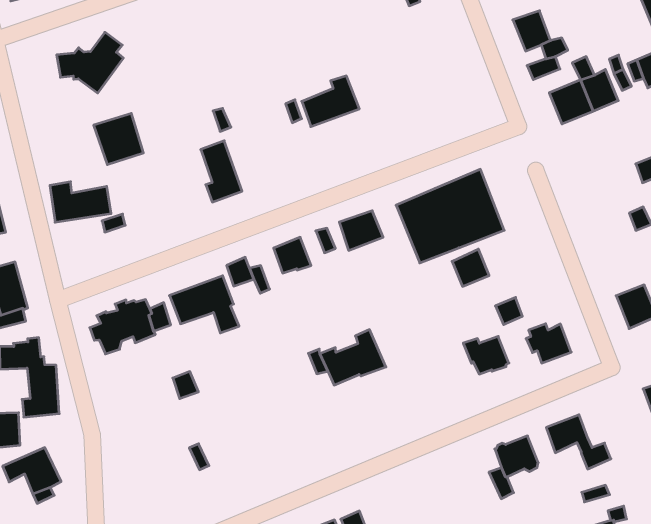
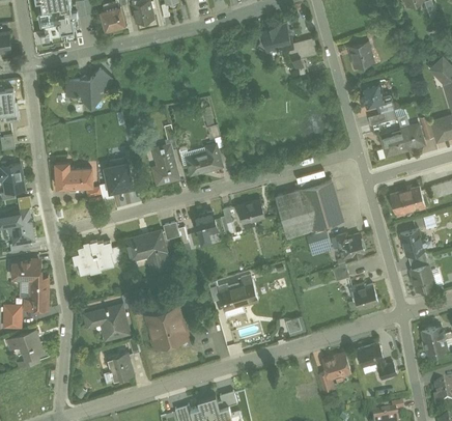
building: [302,76,359,127] -> [186,145,222,175]
building: [94,113,143,165] -> [103,162,133,193]
building: none -> [389,187,425,216]
building: none -> [400,230,423,256]
building: [463,336,509,374] -> [336,234,364,257]
building: none -> [145,307,188,348]
building: none -> [84,305,129,339]
building: none -> [107,353,133,381]

